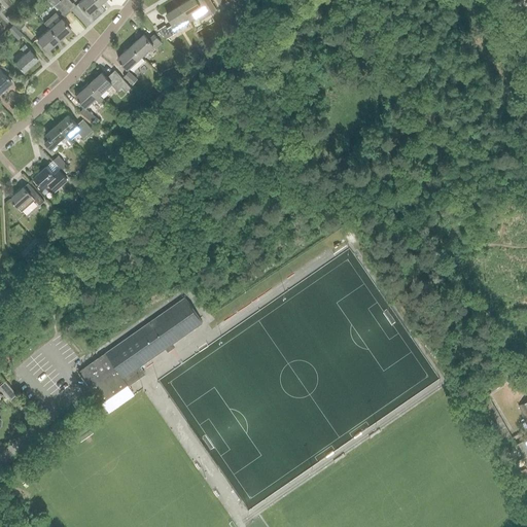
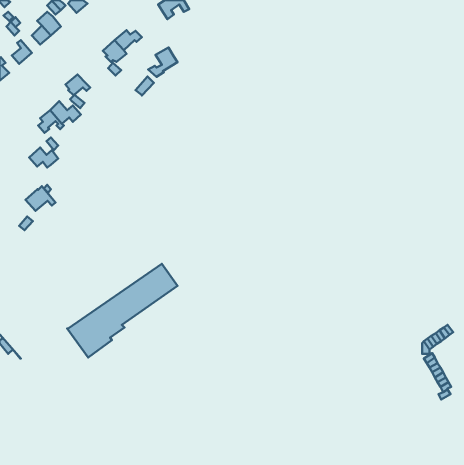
building: [156,5,189,38] -> [148,48,177,77]
building: [87,70,130,95] -> none
building: [9,183,43,211] -> [26,186,56,211]

